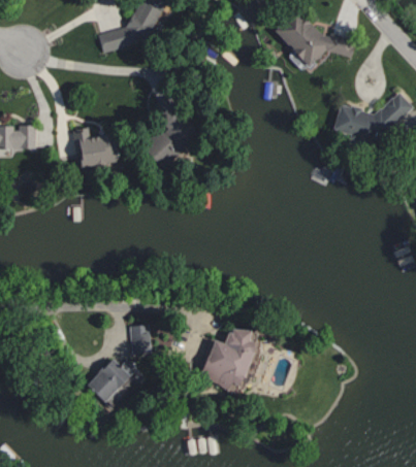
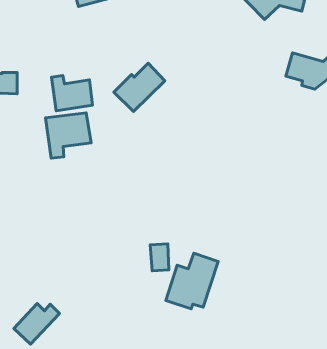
building: none -> [46,113,91,158]
building: [131,326,152,356] -> [150,244,169,271]
building: [88,359,138,404] -> [14,303,59,344]

